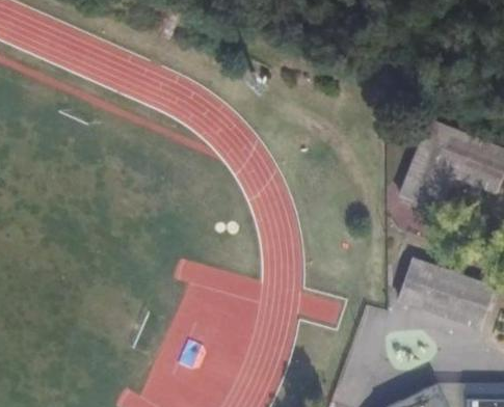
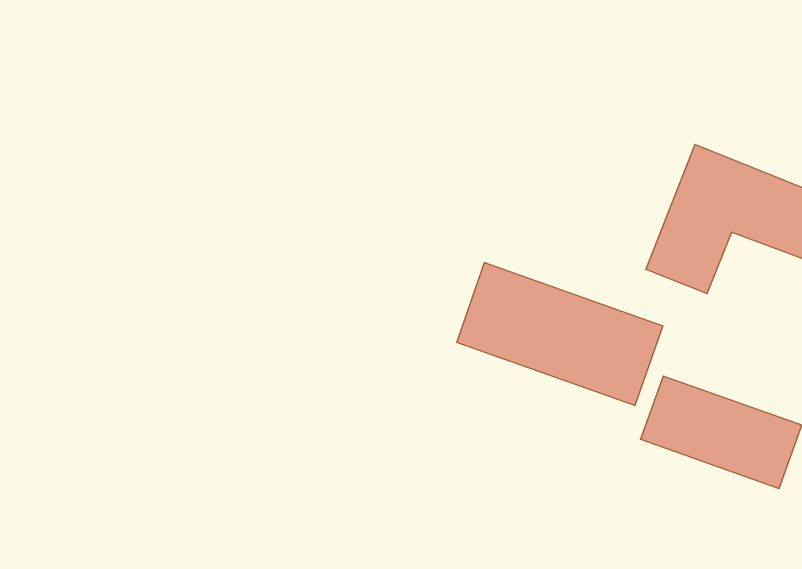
building: none -> [457,263,663,406]

